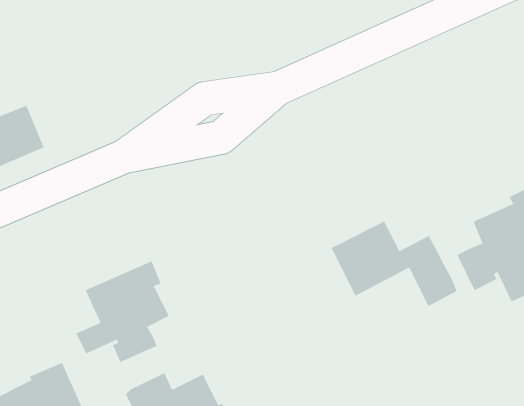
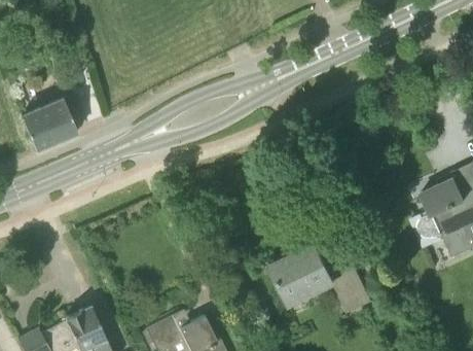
building: [331,221,457,307] -> [270,244,372,313]
building: [76,260,169,363] -> none

